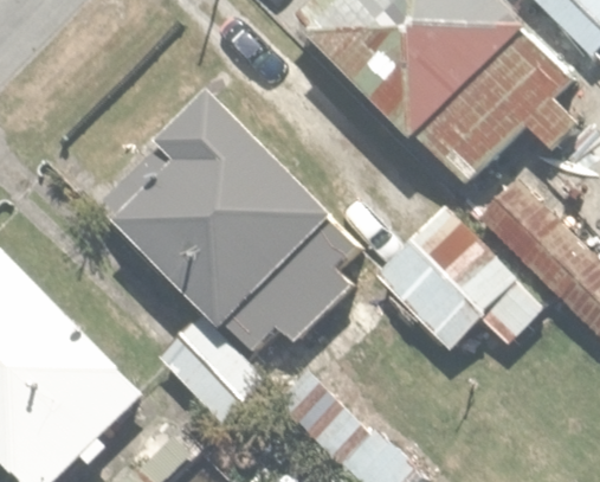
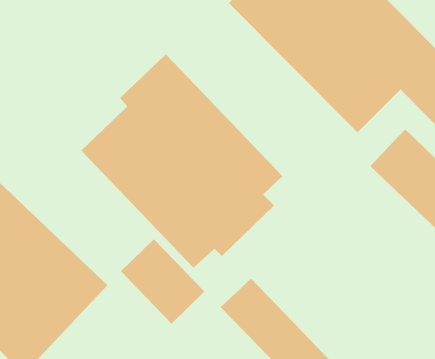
building: [378,213,549,358] -> none

